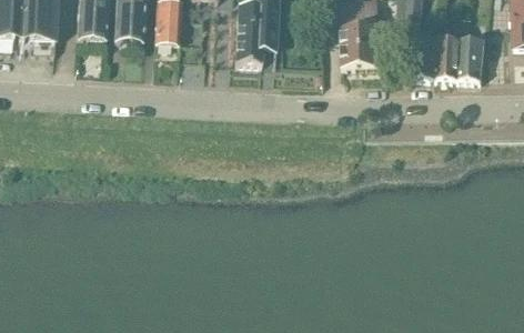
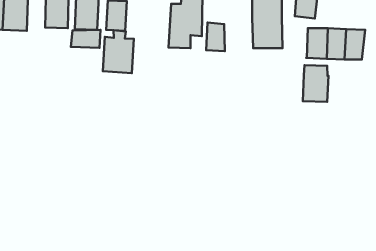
building: none -> [206,23,225,51]
building: none -> [71,30,101,48]
building: none -> [103,30,134,73]
building: none -> [303,65,328,102]

